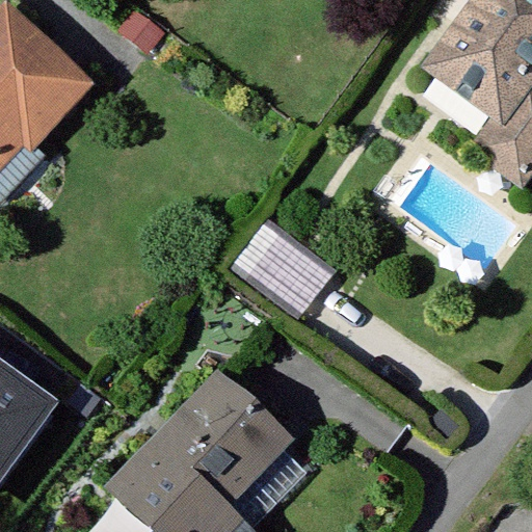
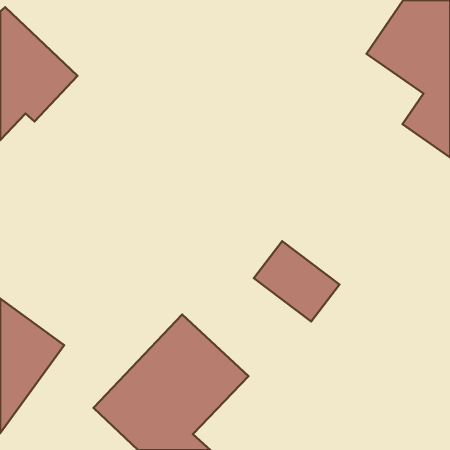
building: [232,220,332,315] -> [254,241,339,321]

